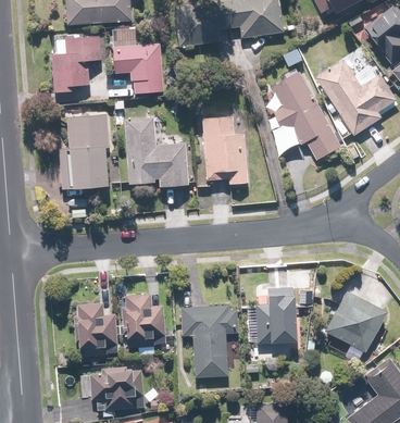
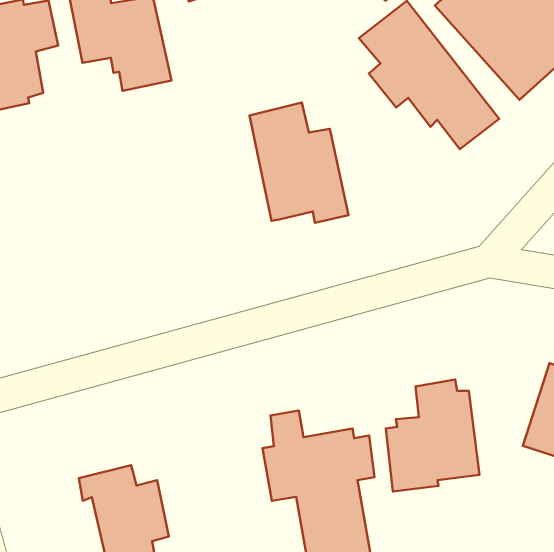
building: [59,113,110,188] -> none
building: [124,119,187,187] -> none
building: [118,295,164,348] -> none

